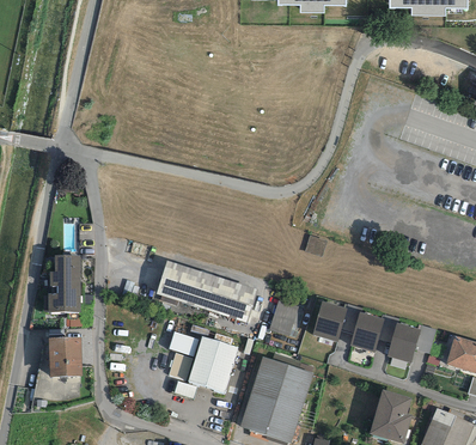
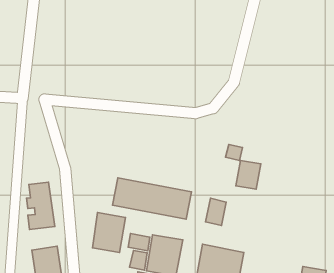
building: none -> [92,212,125,252]
building: [312,310,347,348] -> [236,161,261,189]
building: [352,322,385,360] -> none
building: [387,333,422,371] -> none

